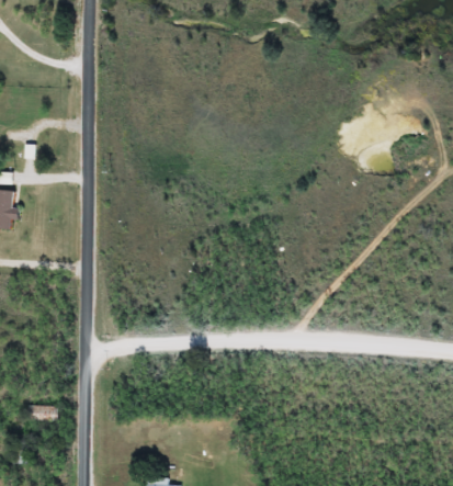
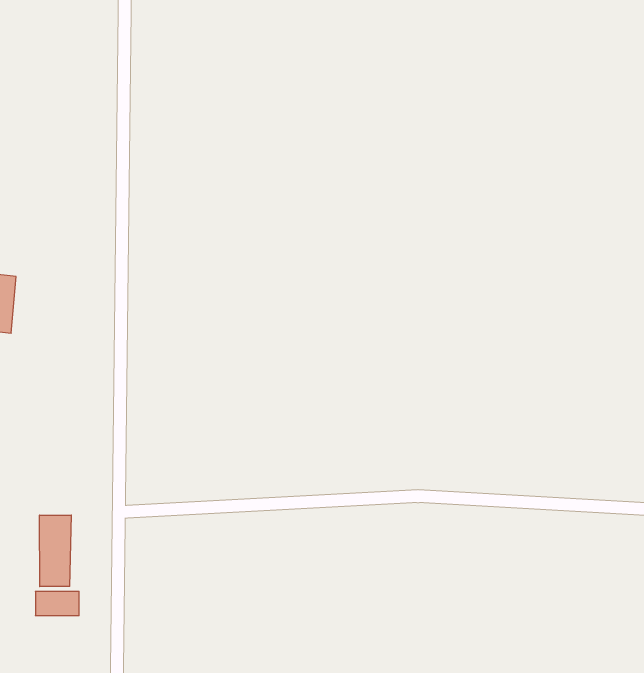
building: none -> [40,515,71,587]

